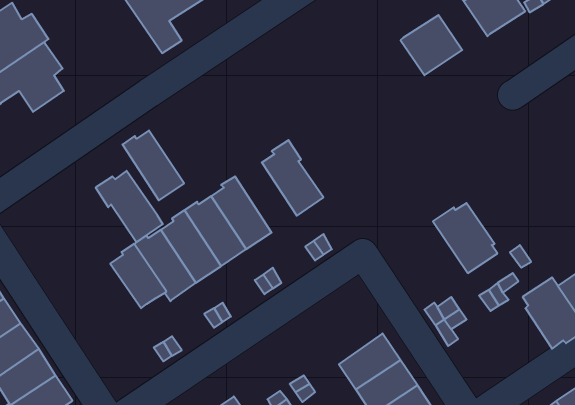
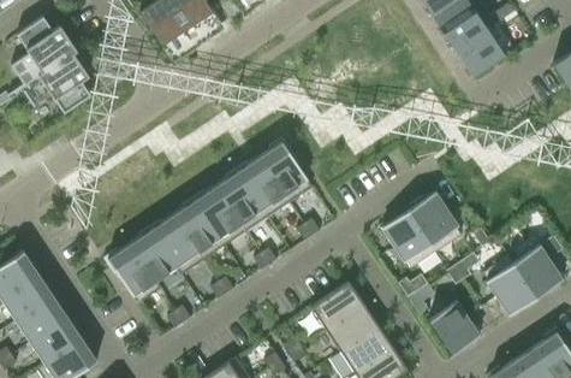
building: [401,15,462,75] -> [453,25,506,77]
building: [122,130,184,200] -> [237,155,290,215]
building: [96,171,163,242] -> [103,242,161,303]
building: none -> [381,206,436,267]
building: none -> [310,280,363,329]
building: none -> [429,300,481,355]

